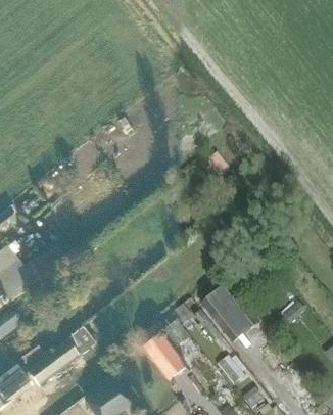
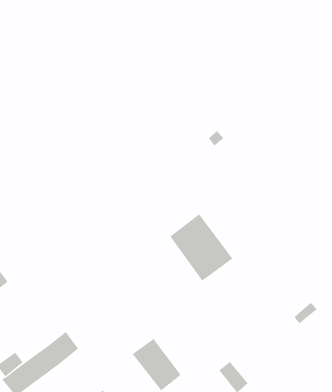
building: [202,282,258,342] -> [170,213,233,281]

